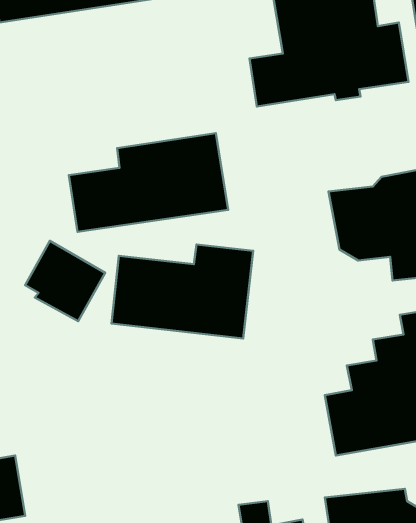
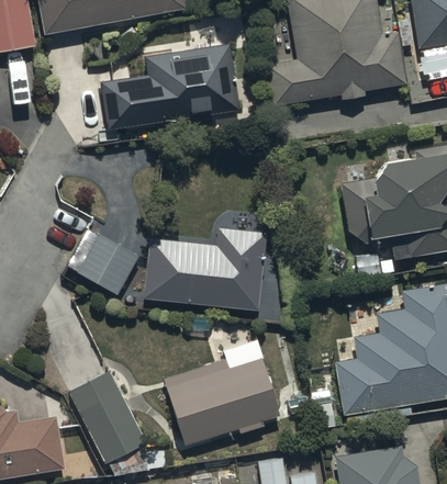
building: [69,133,228,232] -> [101,43,243,131]
building: none -> [164,340,280,447]
building: none -> [70,371,145,461]

